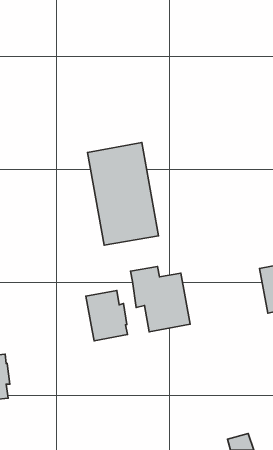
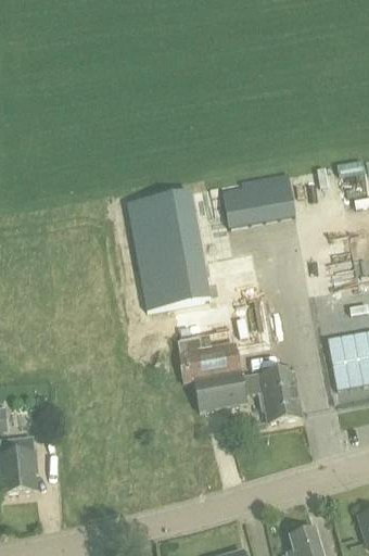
building: none -> [221,170,295,227]
building: [86,291,127,341] -> none
building: none -> [249,367,302,420]

